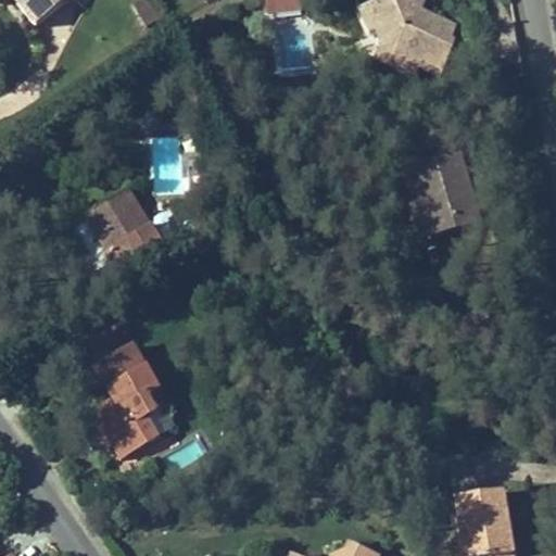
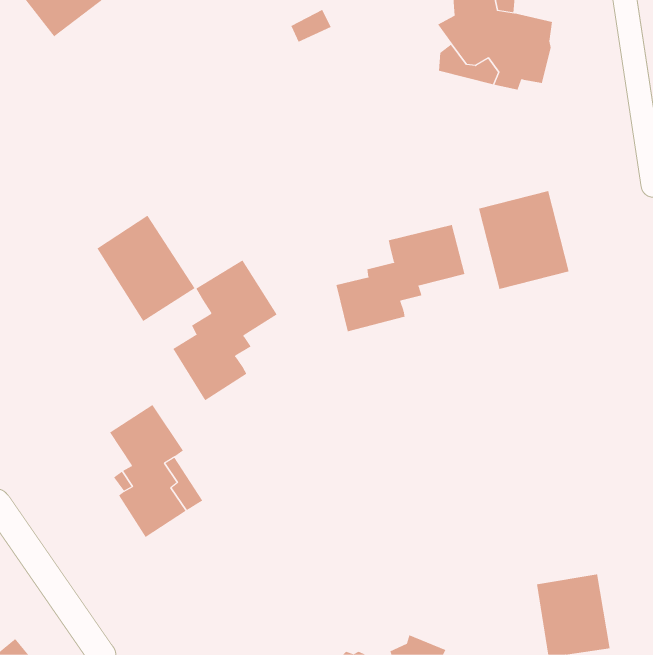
building: none -> [336,224,465,332]
building: none -> [172,259,278,401]

